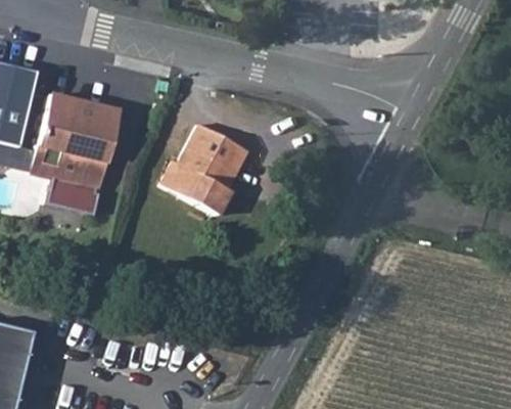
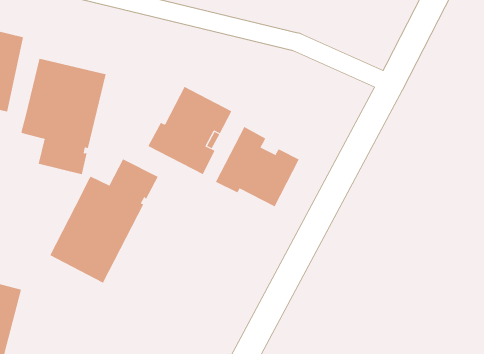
building: none -> [215,126,300,207]
building: none -> [49,158,159,284]

